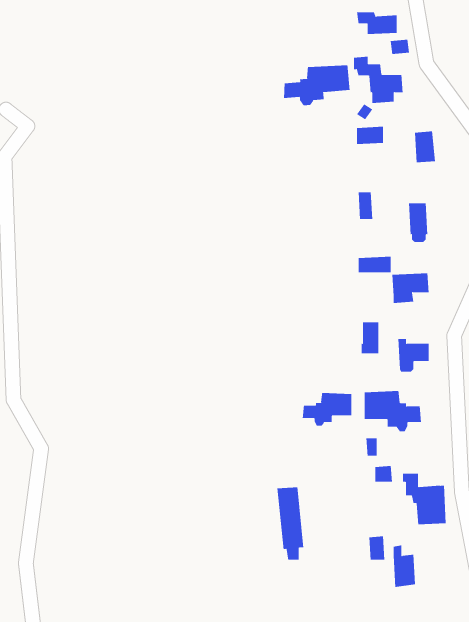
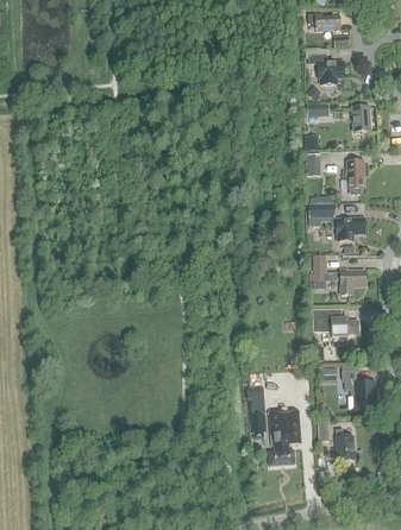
building: [284,65,350,106] -> none
building: [302,392,352,427] -> none
building: none -> [268,410,301,466]

